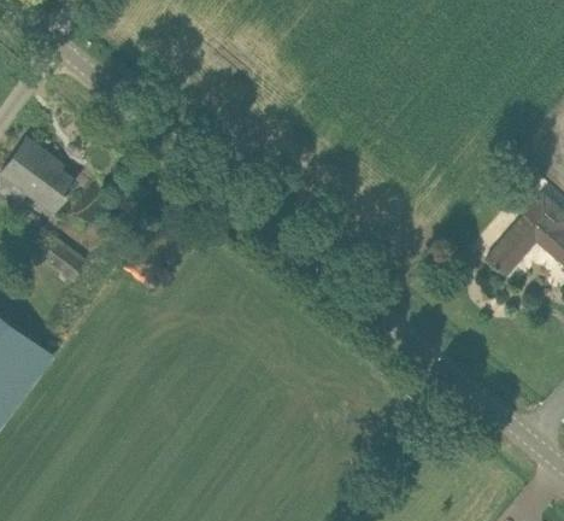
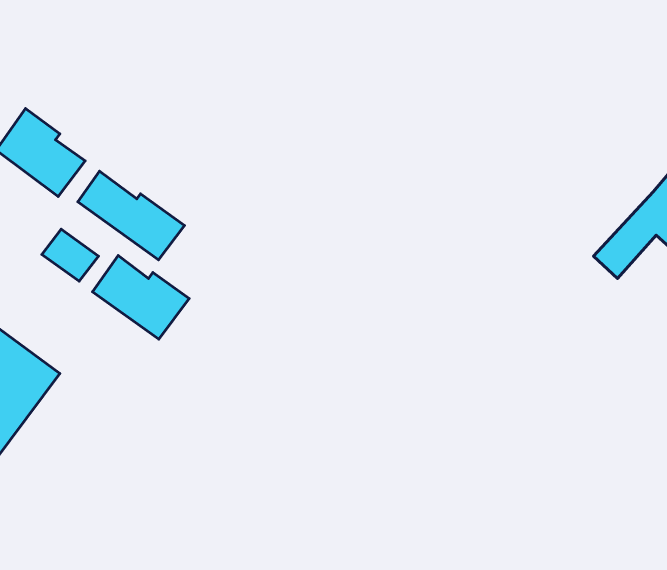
building: none -> [78,171,185,260]
building: none -> [93,256,189,339]

